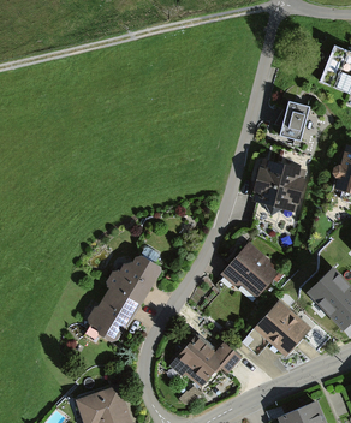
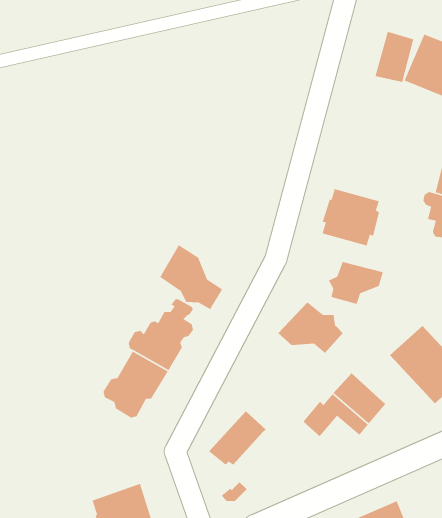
building: [279,101,309,141] -> [375,31,414,83]
building: none -> [159,244,223,310]
building: none -> [328,261,384,305]
building: [189,344,239,386] -> none

